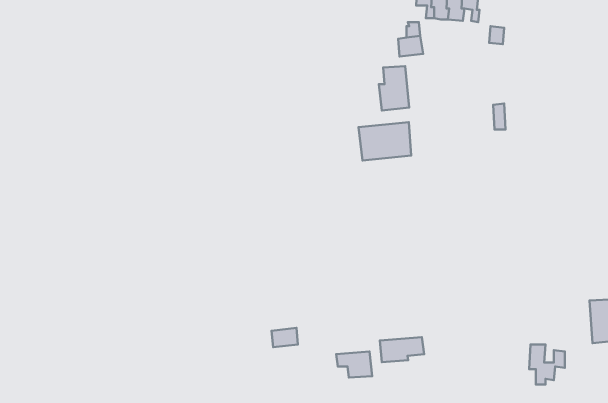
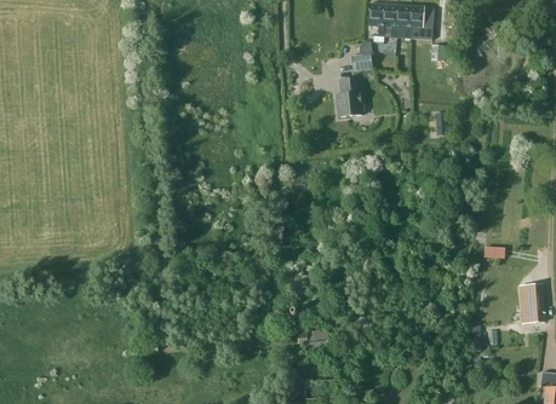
building: [359,122,411,160] -> none
building: [380,337,424,362] -> none

